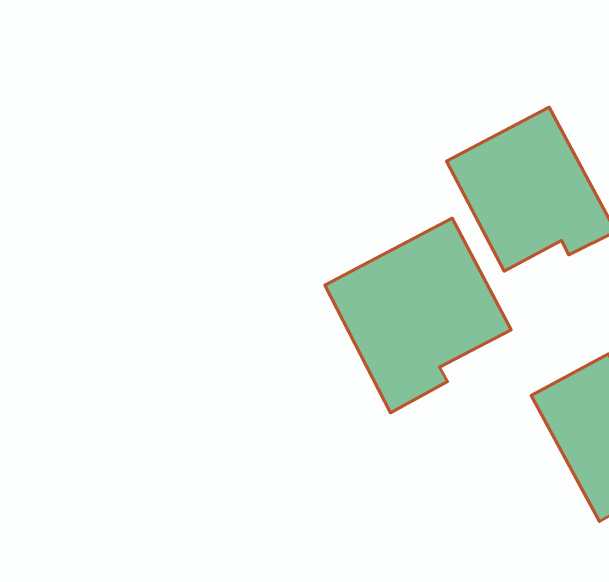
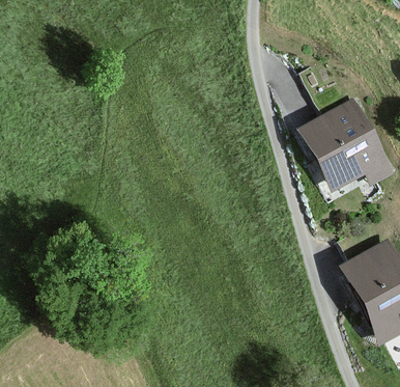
building: [325,218,511,413] -> none

